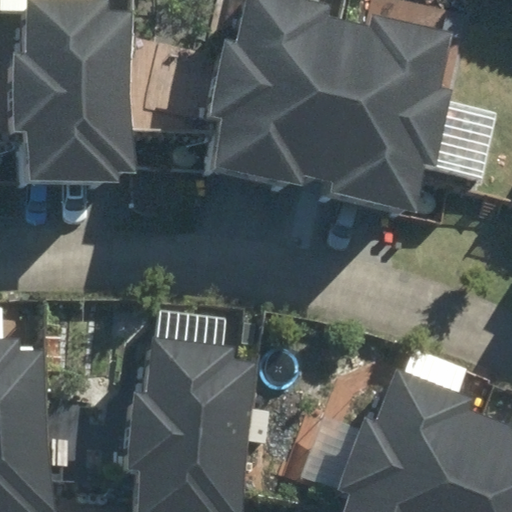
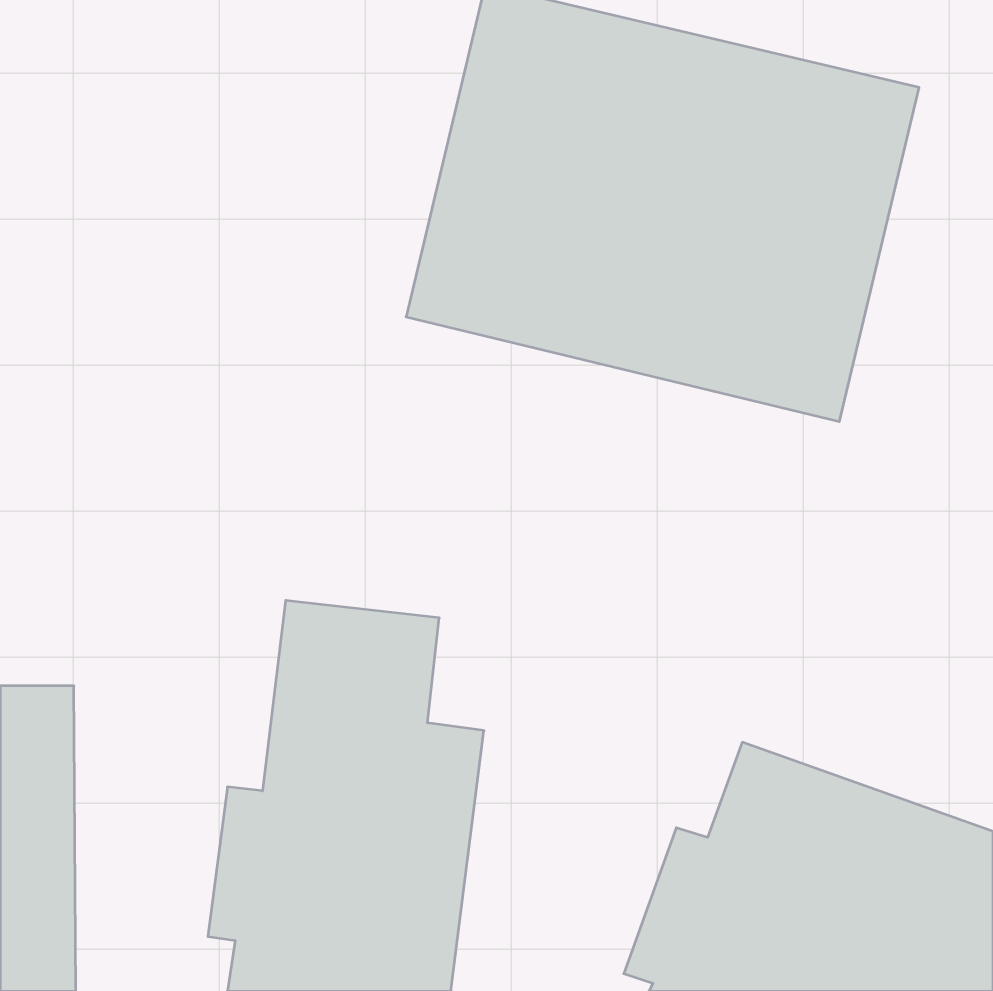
building: [33,4,143,182] -> none

